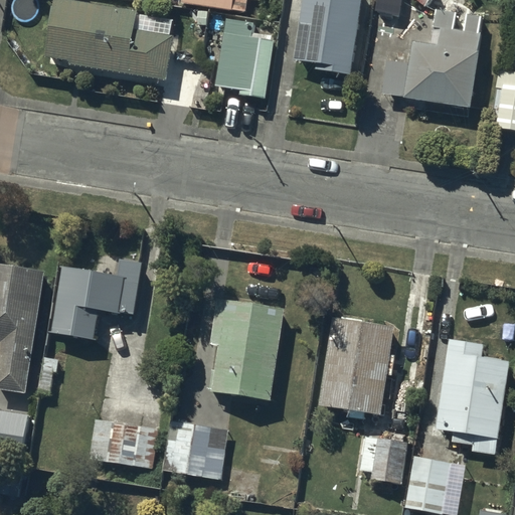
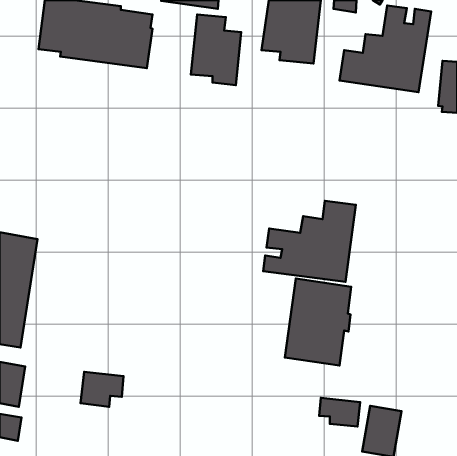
building: none -> [263,201,356,282]
building: [50,258,141,338] -> none
building: [210,299,284,399] -> none
building: [436,338,509,454] -> none
building: [162,420,227,480] -> none

